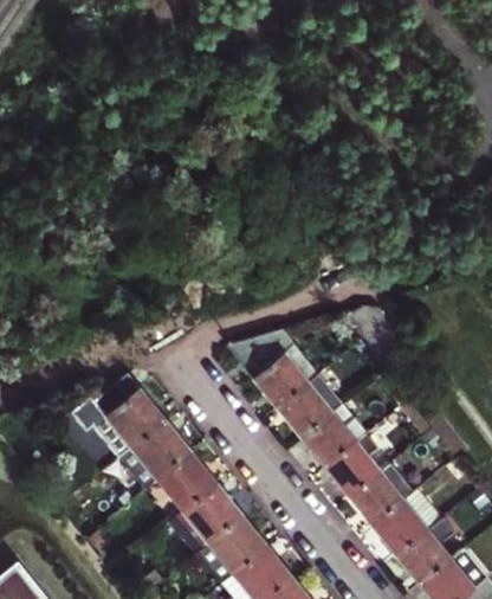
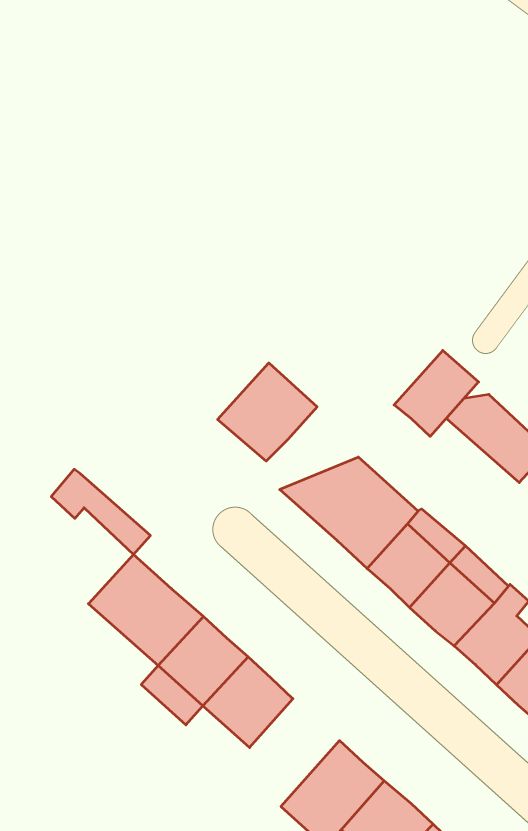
building: none -> [218,363,317,461]
building: none -> [394,350,479,436]
building: [73,401,134,463] -> [51,469,150,555]
building: [169,488,244,559] -> none

